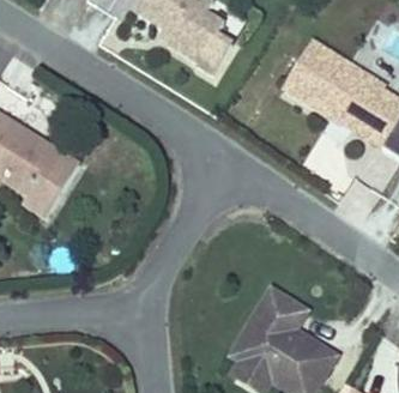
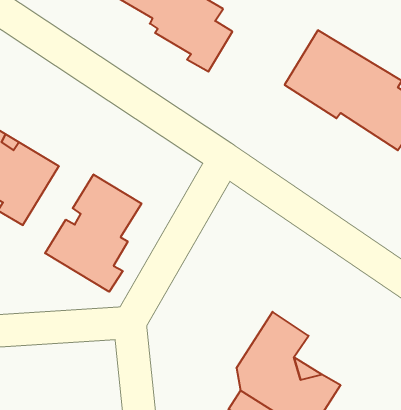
building: none -> [45,174,141,292]

